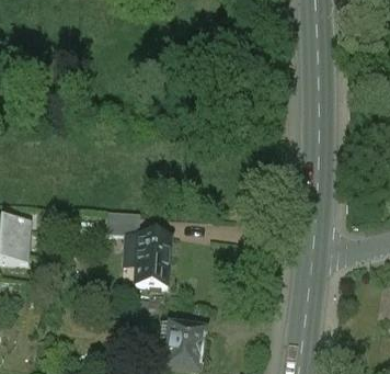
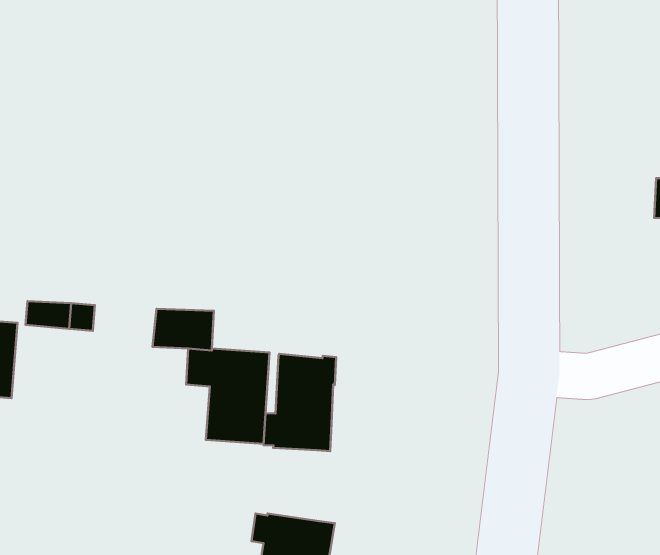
building: none -> [263,354,336,451]

